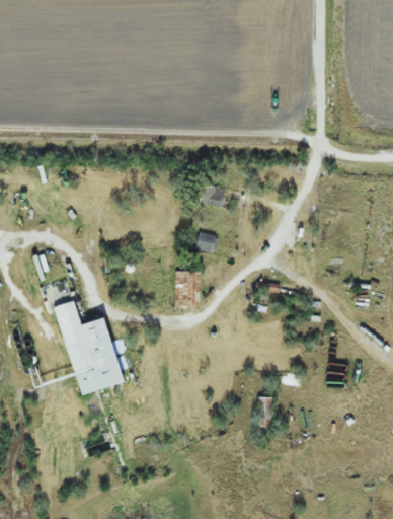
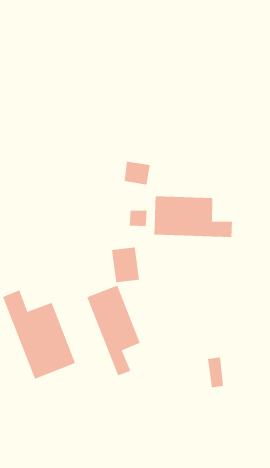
building: none -> [154,196,233,238]
building: none -> [87,285,141,376]

